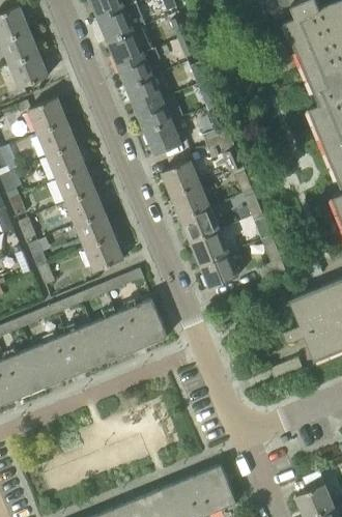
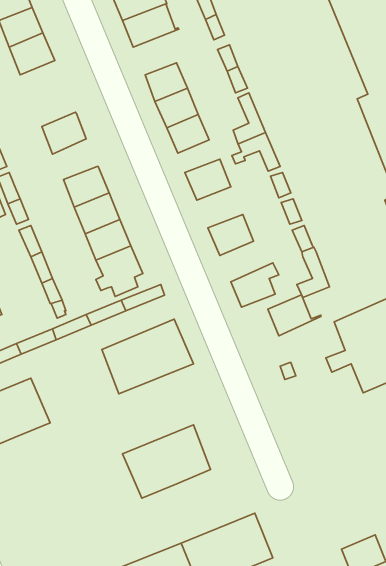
building: [116,49,159,88] -> none
building: [28,97,66,133] -> none
building: [47,143,85,178] -> none
building: [171,184,210,220] -> none
building: [191,231,236,266] -> [268,295,321,336]
building: [28,324,104,387] -> [123,425,210,498]

